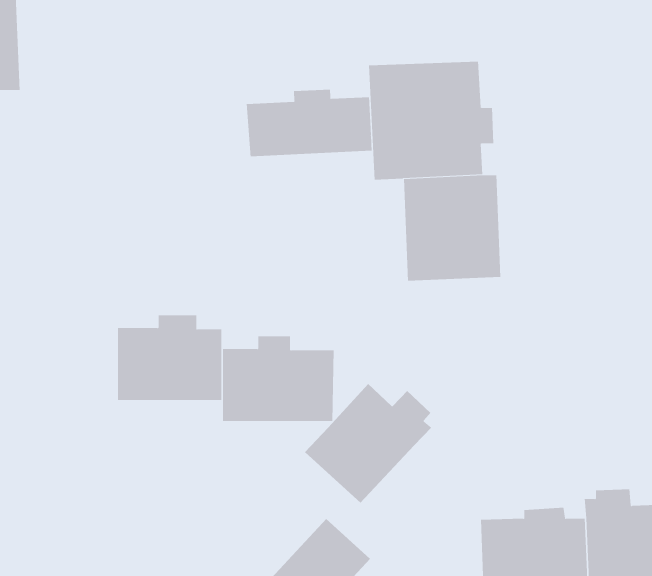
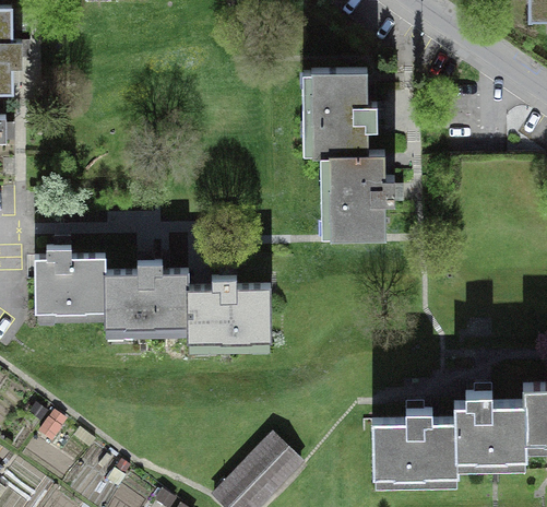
building: [246,89,372,157] -> none
building: none -> [31,248,99,319]
building: [304,383,432,504] -> none

